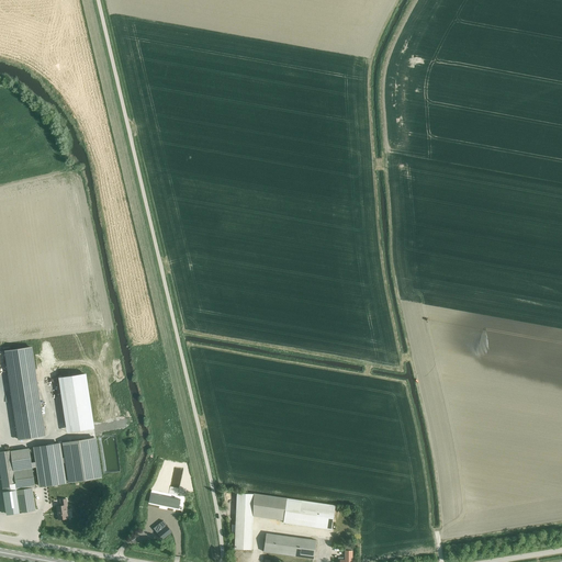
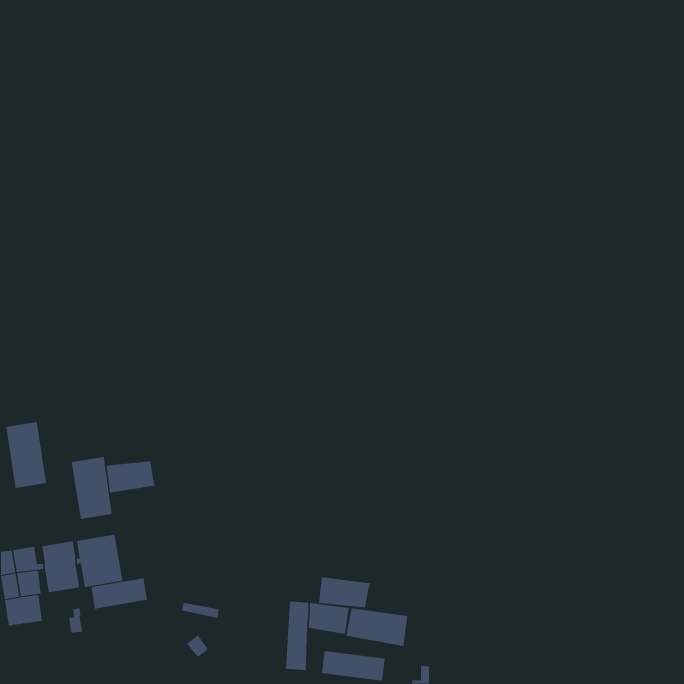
building: none -> [106,460,155,493]
building: [12,396,45,439] -> none
building: none -> [318,576,371,608]
building: none -> [91,577,147,609]

